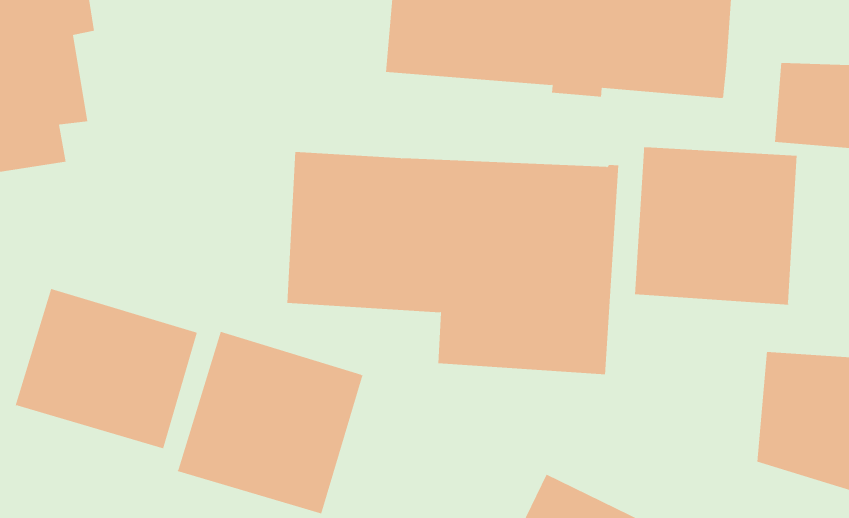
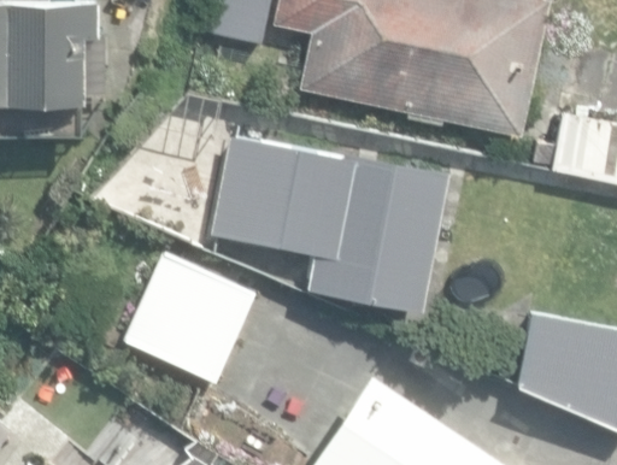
building: [634,146,797,305] -> none
building: [15,288,198,449] -> none

